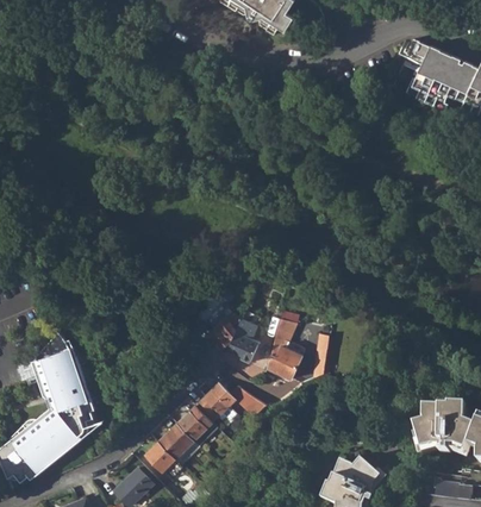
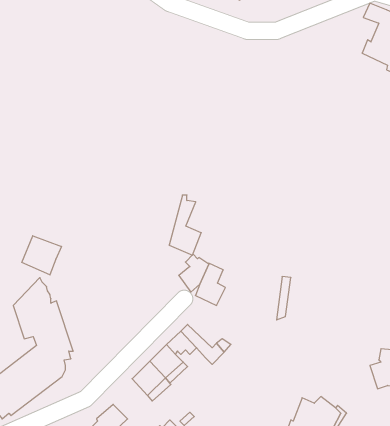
building: none -> [22,236,61,275]
building: [266,314,300,378] -> [169,195,201,255]
building: [142,440,174,472] -> none

